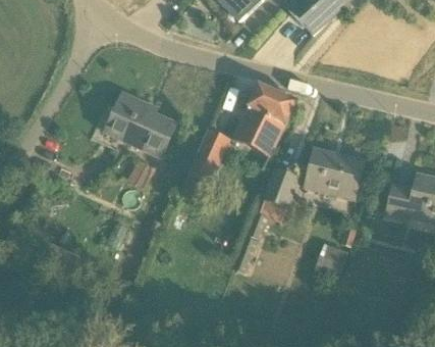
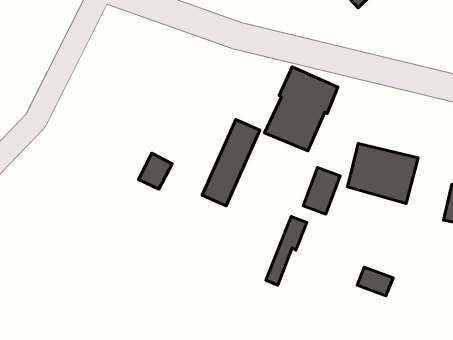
building: [105,93,175,157] -> none

